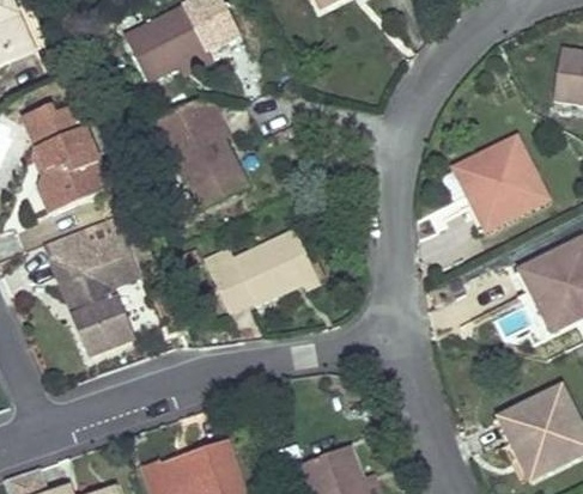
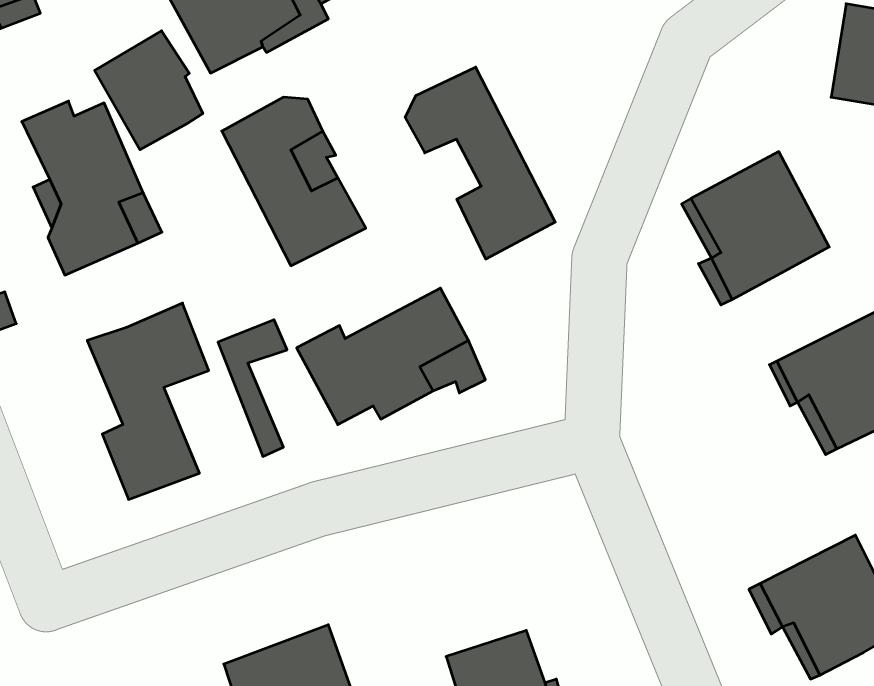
building: none -> [95,31,203,150]
building: none -> [405,67,555,259]
building: [50,231,95,318] -> [218,320,287,456]

